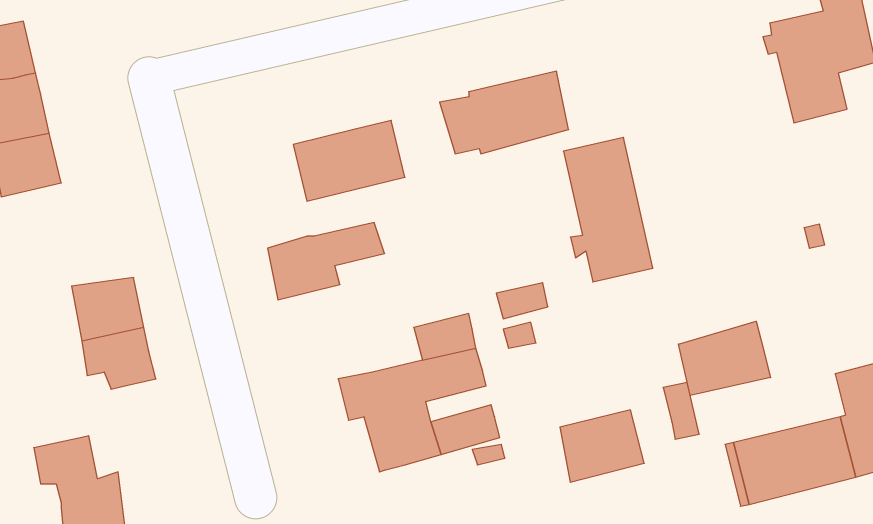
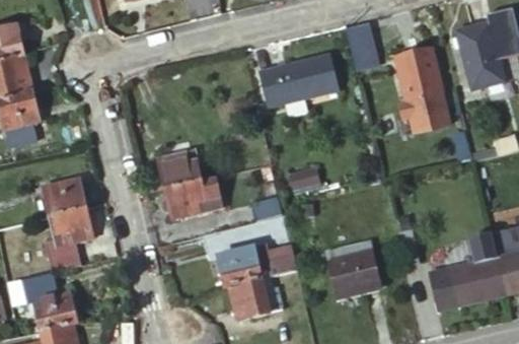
building: none -> [349,21,377,68]
building: [293,120,405,201] -> [165,176,231,223]
building: [563,137,653,282] -> [397,48,450,133]
building: [678,321,771,396] -> none
building: none -> [49,232,81,270]
building: none -> [228,281,280,317]

